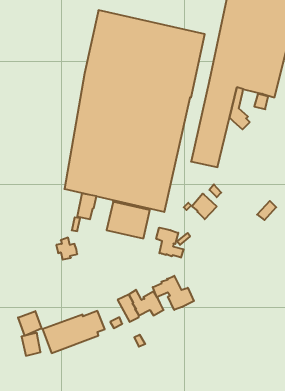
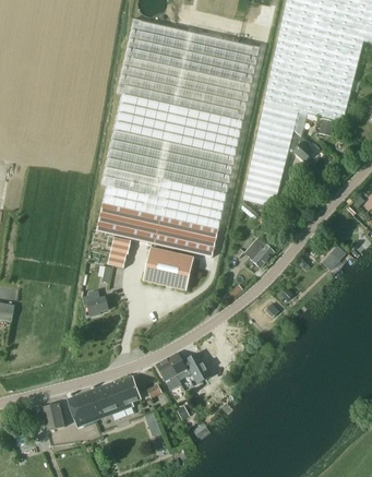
building: [156,228,184,258] -> none
building: [153,276,194,310] -> none
building: [18,311,41,336] -> none

